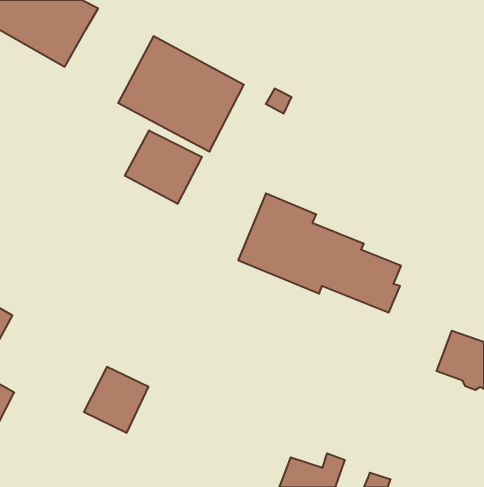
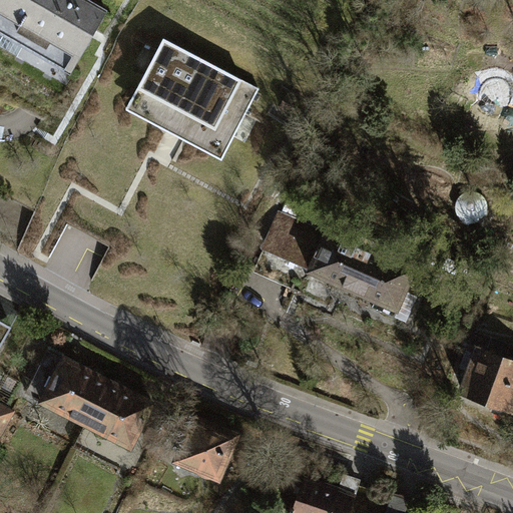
building: [125,130,202,204] -> none
building: none -> [29,357,112,433]
building: none -> [177,429,239,489]

